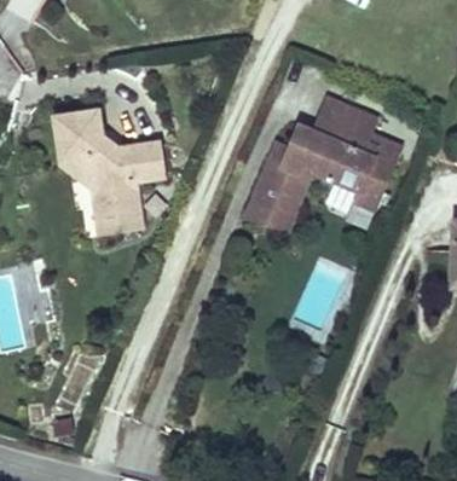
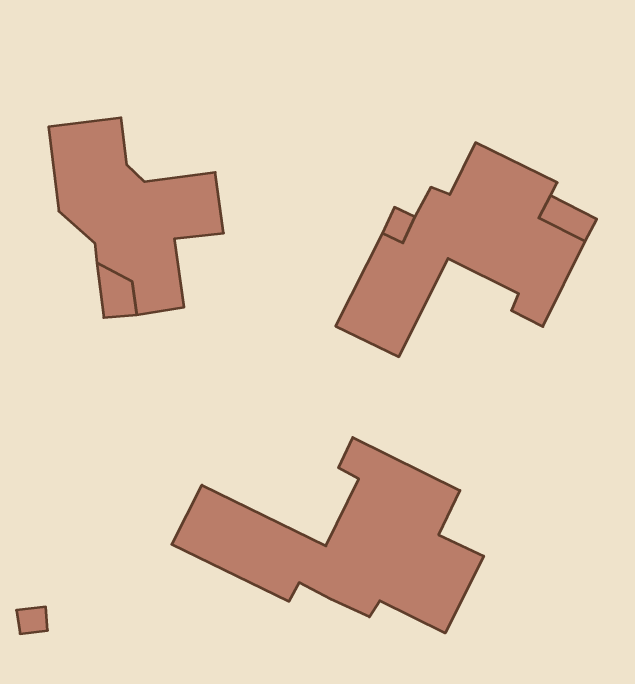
building: none -> [172,437,484,633]

